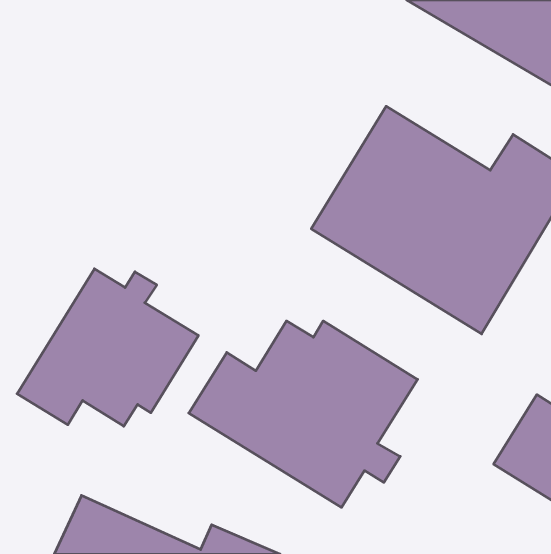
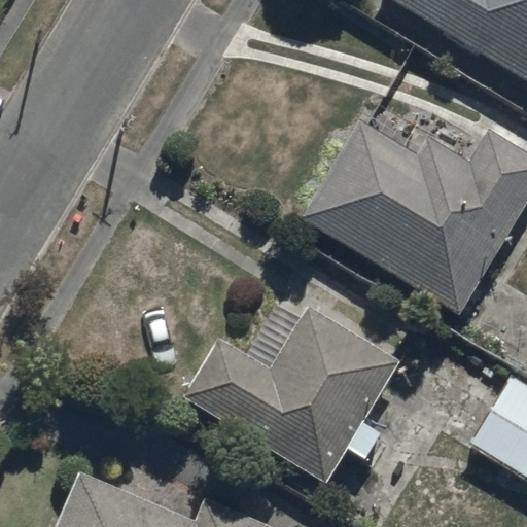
building: [17,269,198,426] -> none

